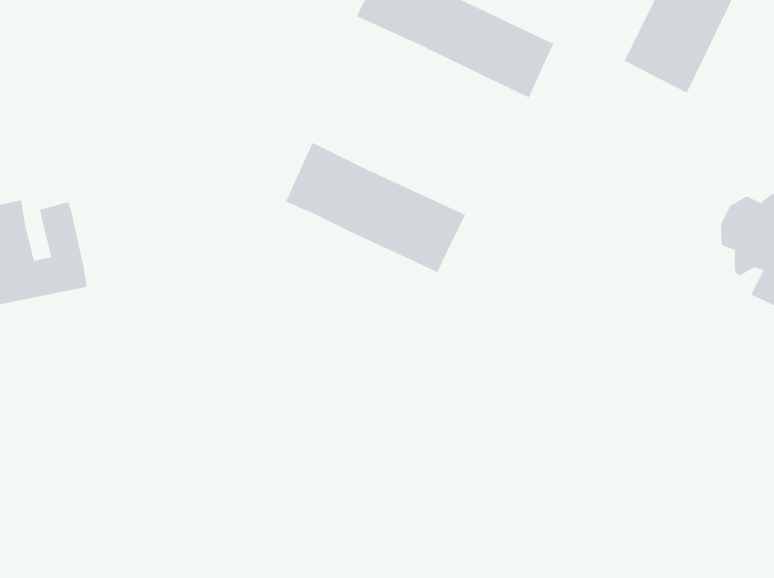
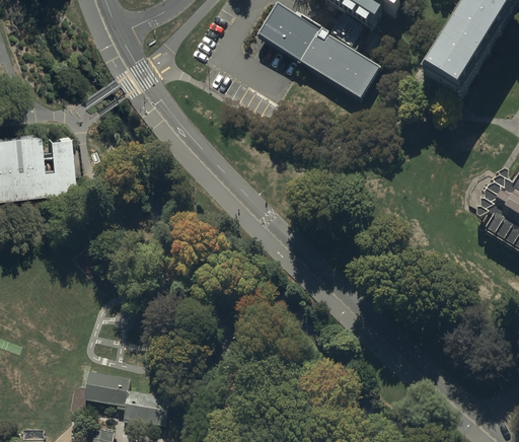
building: [285,142,466,273] -> none

